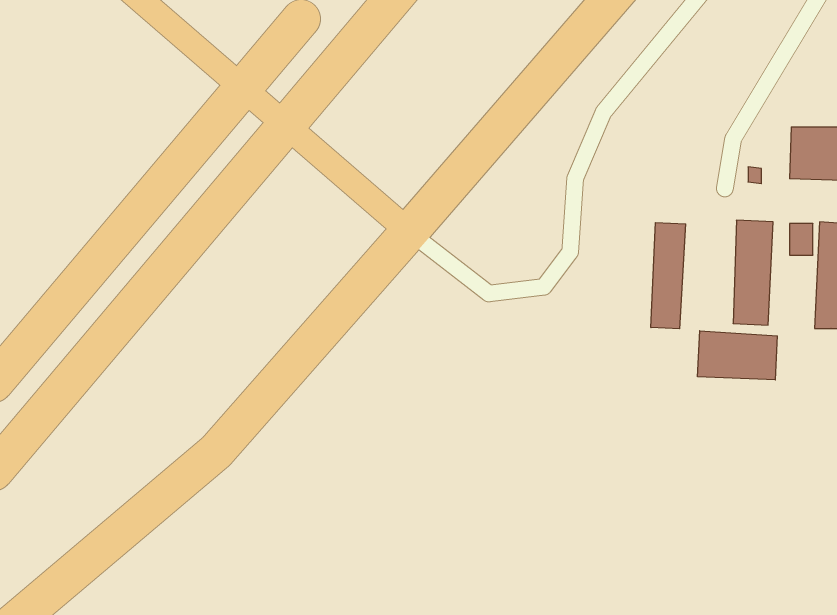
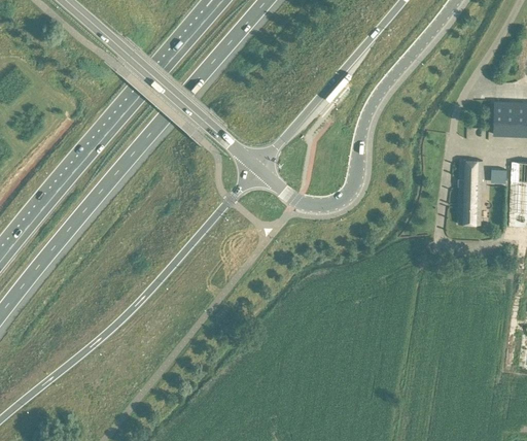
building: [651,223,686,329] -> none
building: [698,331,777,380] -> none

